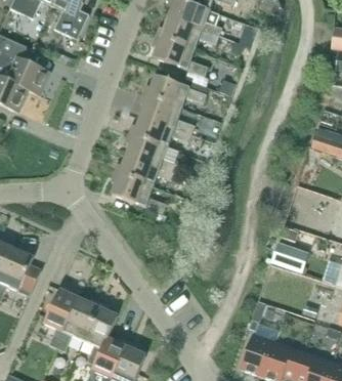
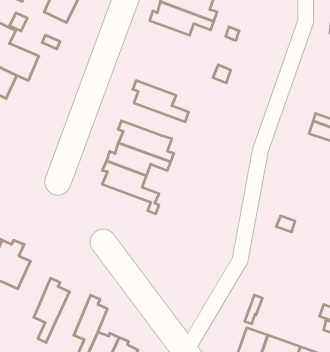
building: [153,36,208,77] -> none
building: [143,76,209,109] -> none
building: [129,116,191,147] -> none
building: [270,242,308,273] -> none
building: [56,298,99,351] -> none

